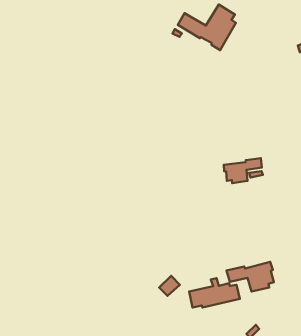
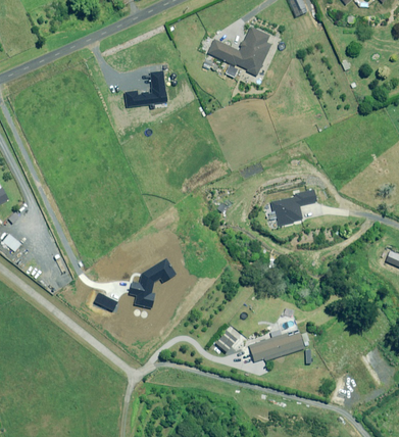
building: [227,262,274,291] -> none

